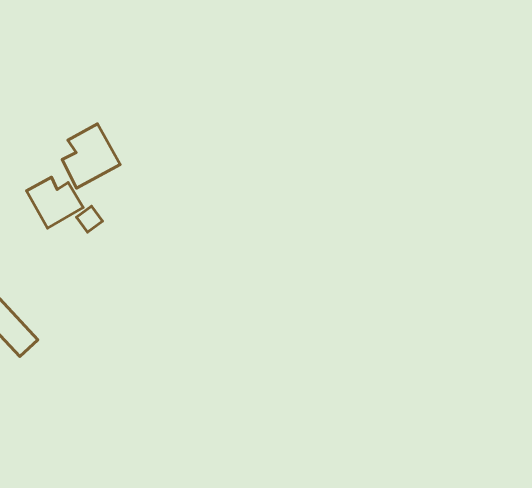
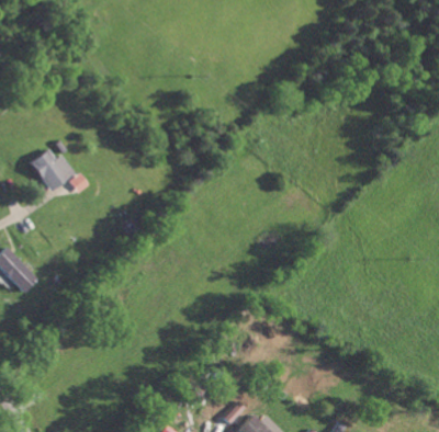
building: [62,124,120,188] -> none

